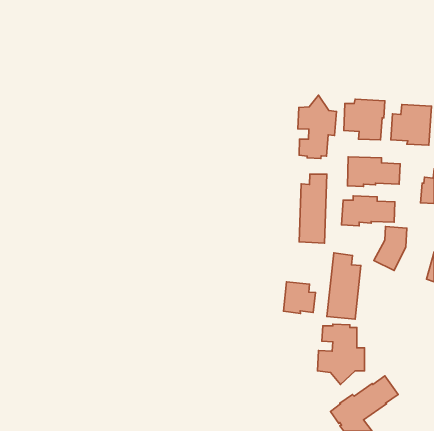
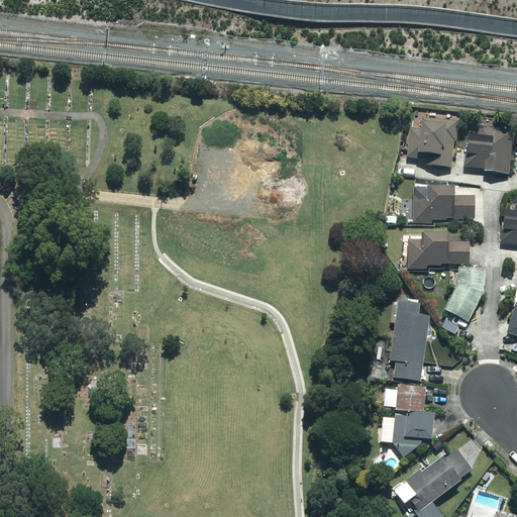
building: [298,95,336,158] -> none
building: [299,174,327,243] -> none
building: [283,282,315,313] -> none

